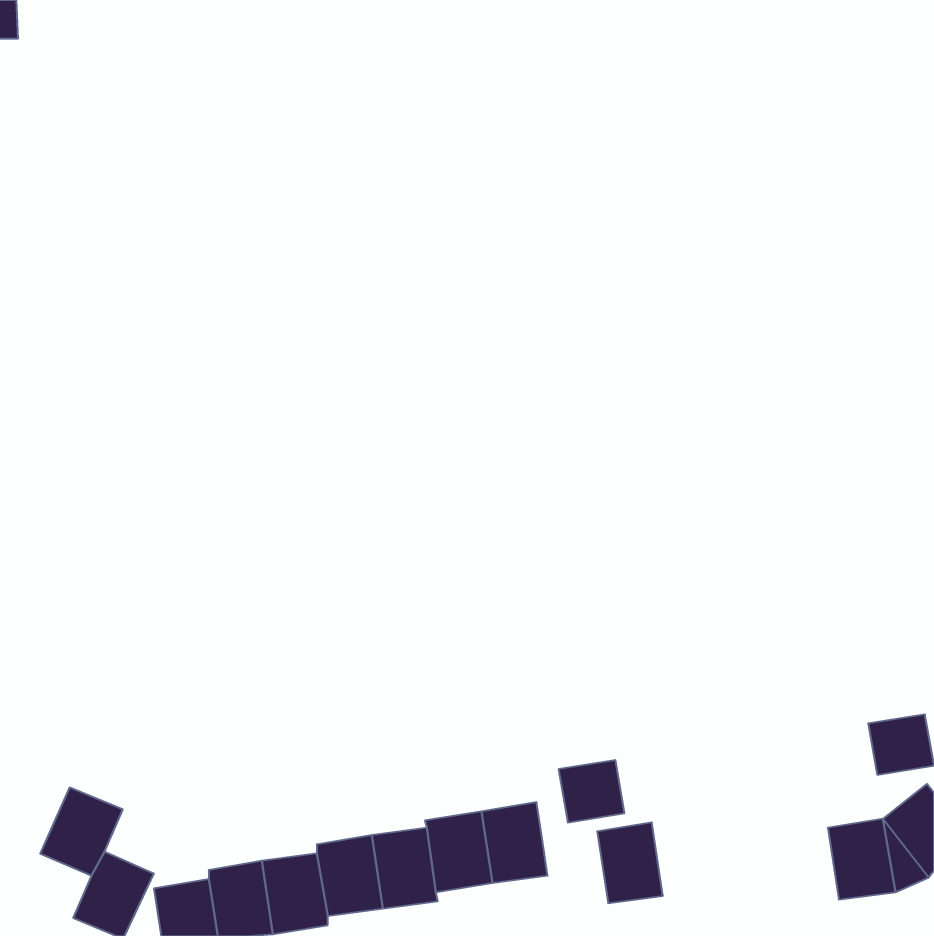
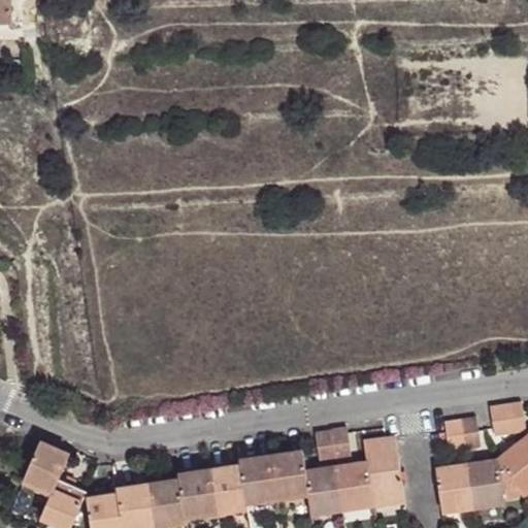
building: none -> [444,418,480,452]
building: none -> [364,439,404,504]
building: none -> [435,466,472,512]
building: none -> [305,468,342,513]

